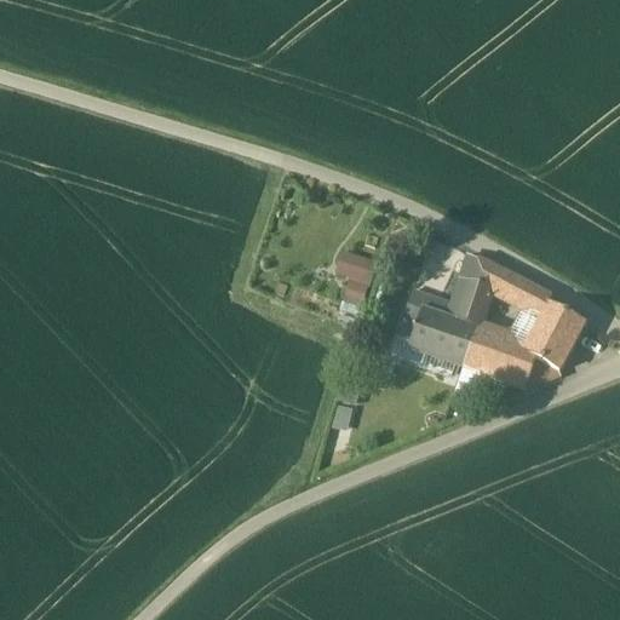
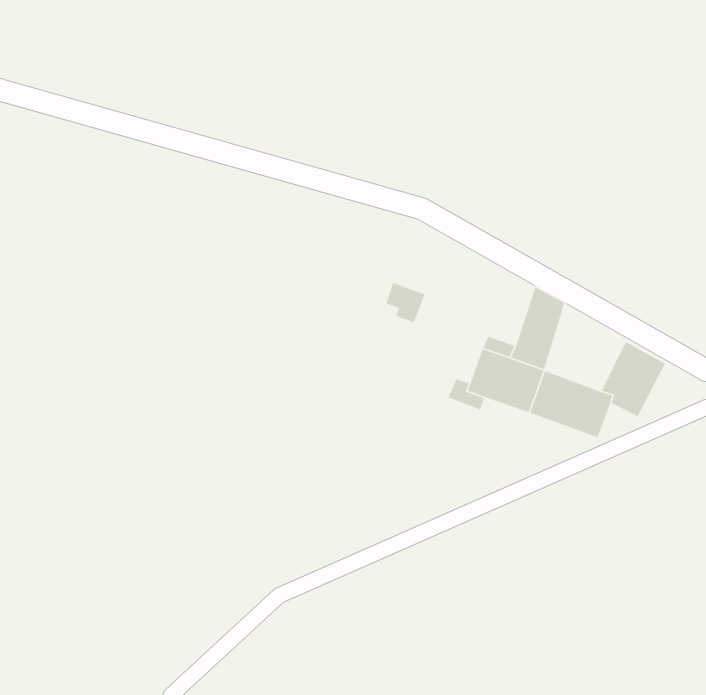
building: [489,265,551,312] -> none

